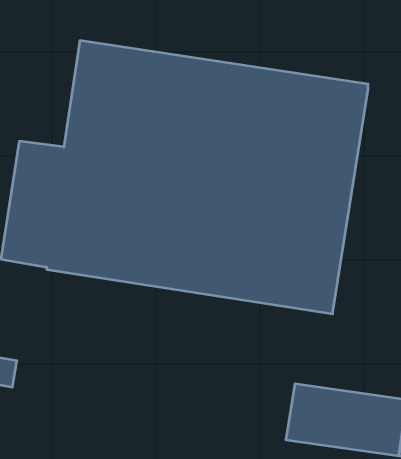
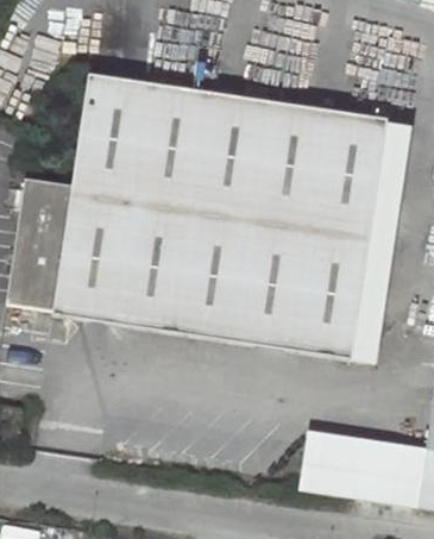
building: none -> [351,124,411,364]

